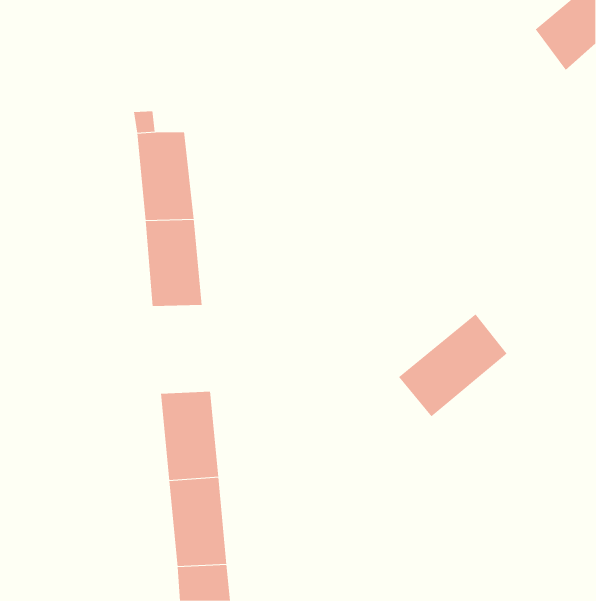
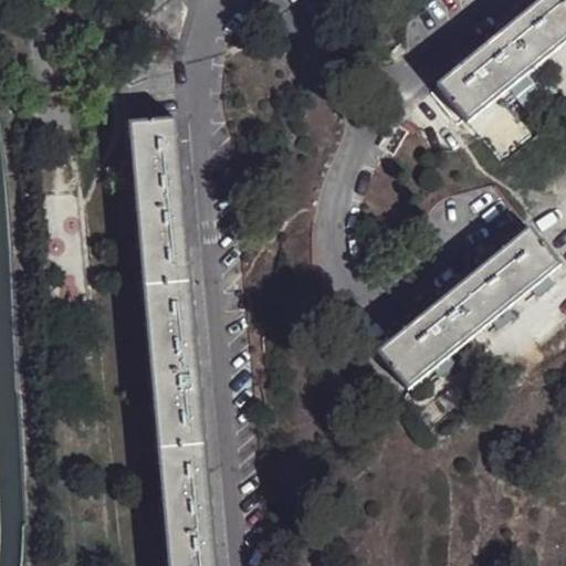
building: none -> [432,28,531,123]
building: none -> [447,228,555,332]
building: none -> [143,286,198,369]

